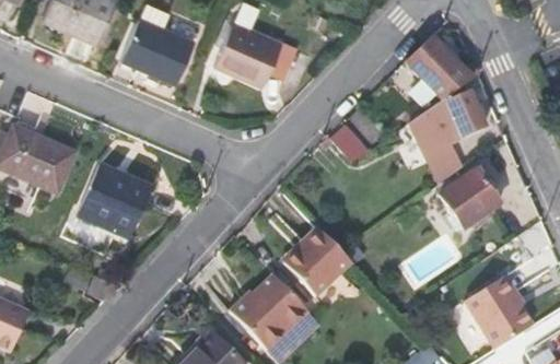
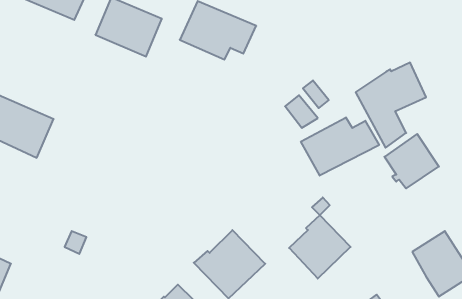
building: [406,36,480,99] -> none
building: none -> [301,117,379,176]
building: [80,163,153,239] -> none
building: [284,226,352,296] -> [289,215,351,279]

